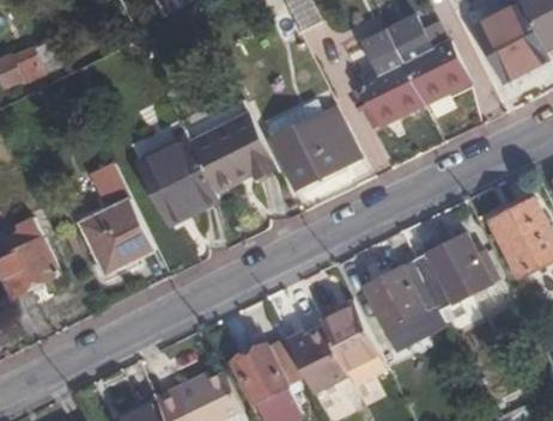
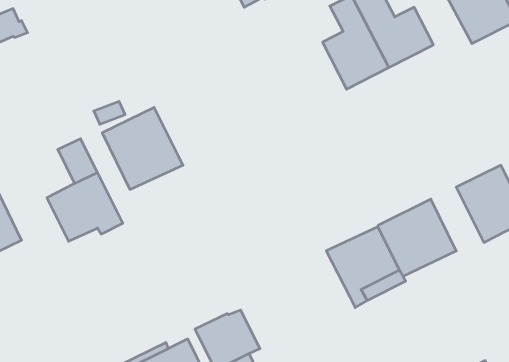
building: [269,104,361,188] -> none
building: [190,114,275,189] -> none
building: [288,300,377,386] -> none

